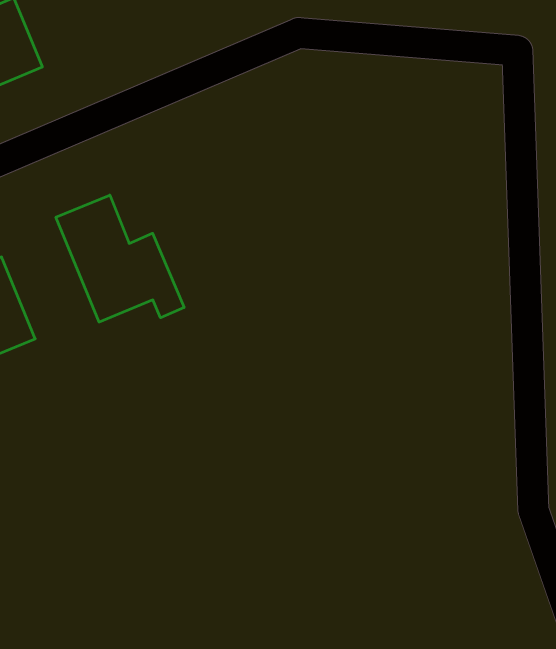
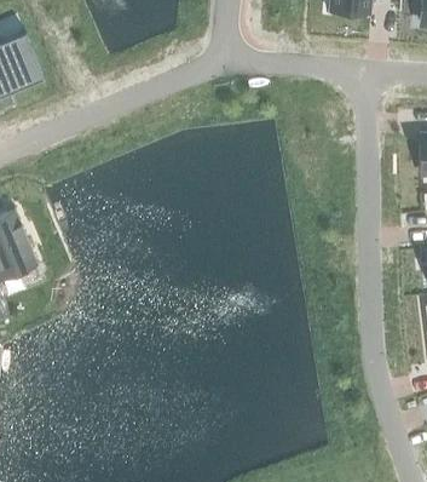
building: [56,195,184,322] -> none

